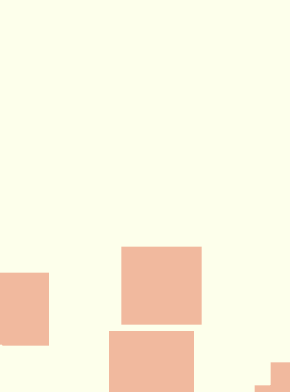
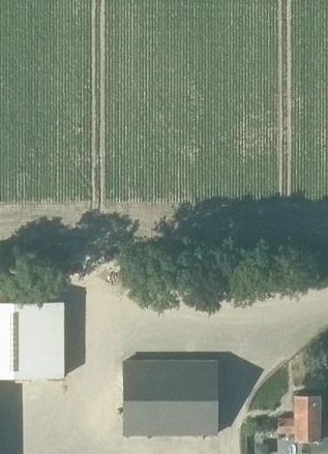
building: [121,246,202,325] -> none

